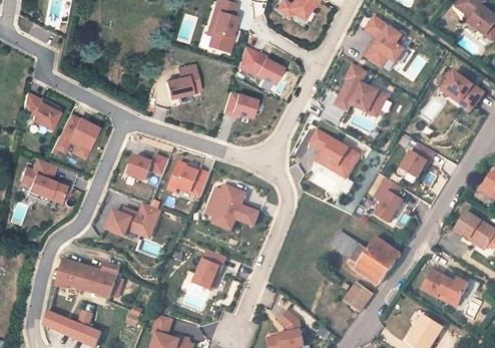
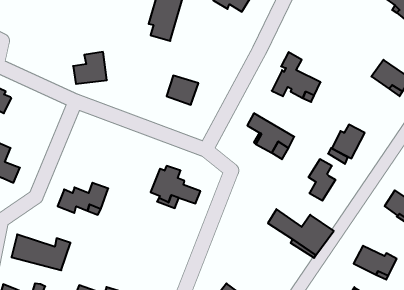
building: [364,15,405,67] -> none
building: [235,45,284,84] -> none
building: [163,62,199,96] -> [73,52,107,84]
building: [52,113,96,157] -> none
building: [128,153,168,180] -> none
building: [176,165,209,196] -> none
building: [193,249,225,290] -> none
building: [344,284,371,310] -> none

